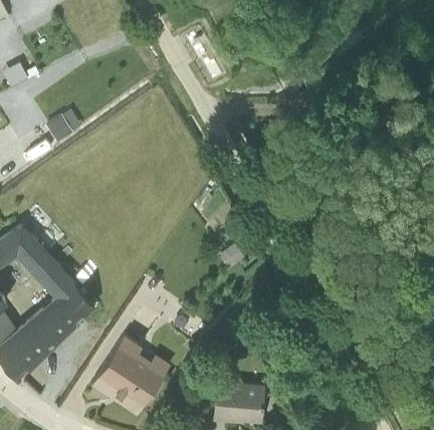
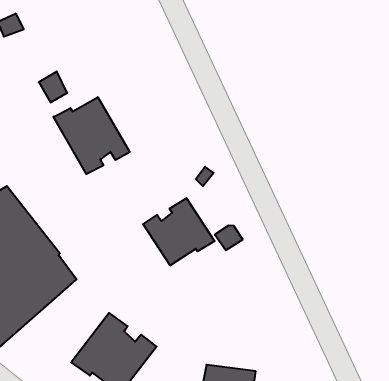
building: none -> [53,97,130,174]
building: none -> [143,198,215,265]

